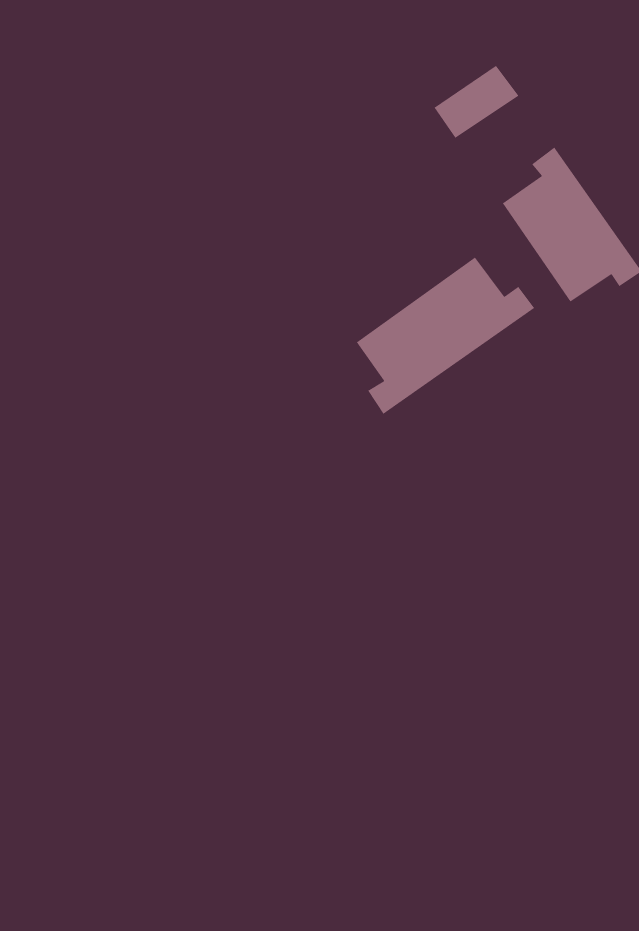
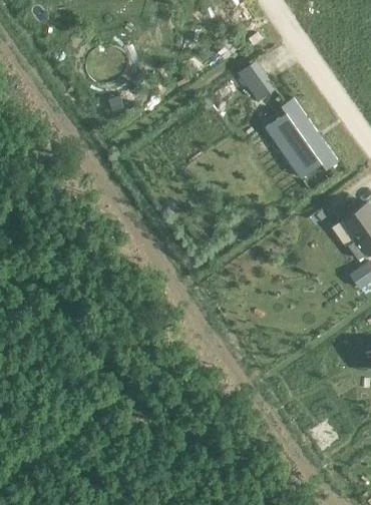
building: [356,257,535,415] -> none

